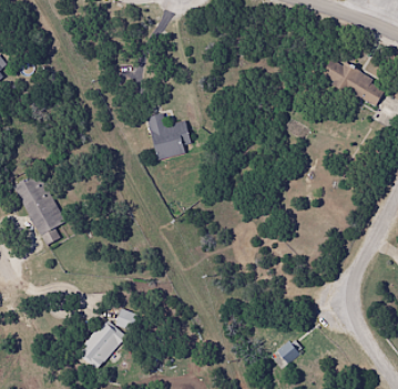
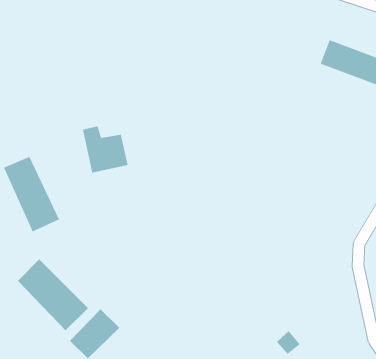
building: [147,114,192,160] -> [82,126,128,173]
building: none -> [17,259,89,331]

